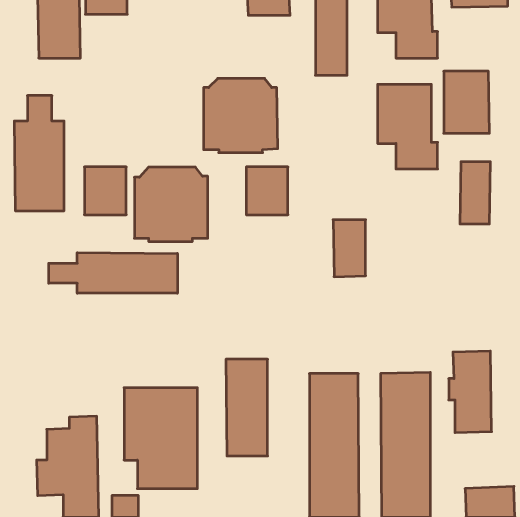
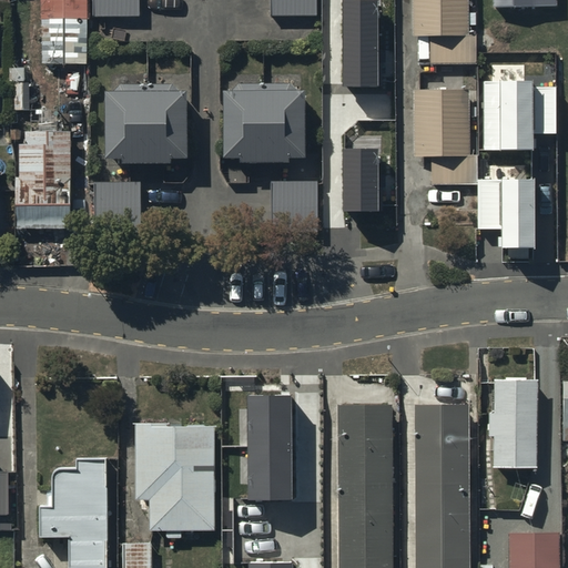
building: [134,167,208,241] -> [103,85,183,166]
building: [333,220,366,277] -> [343,145,378,207]
building: [49,253,177,293] -> none

